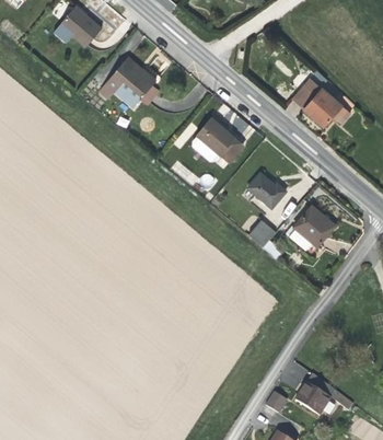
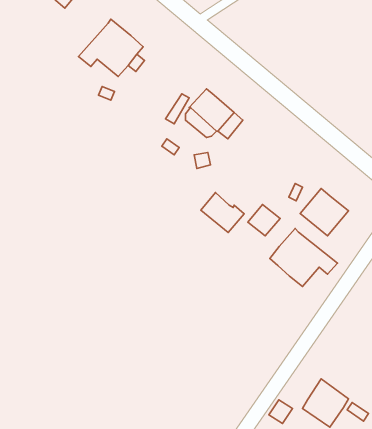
building: [292,78,350,126] -> none
building: [247,172,286,207] -> [201,193,244,232]
building: none -> [270,229,337,286]

